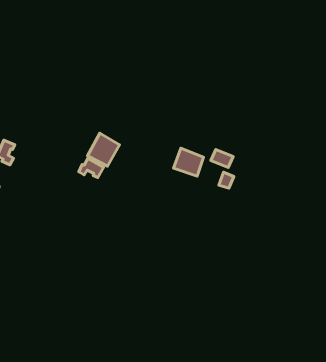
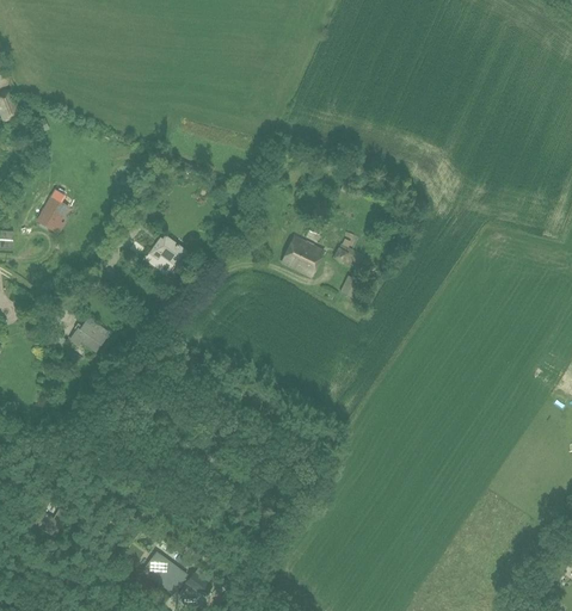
building: [87,133,120,166] -> none
building: none -> [69,317,107,351]

